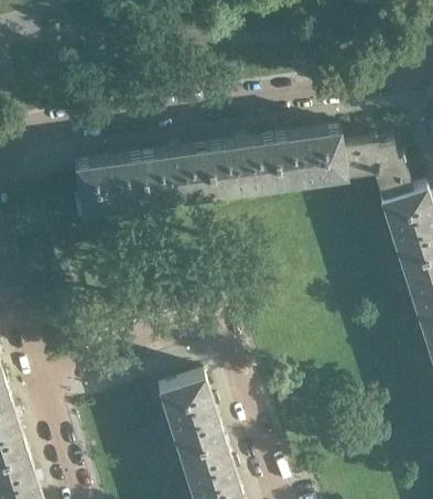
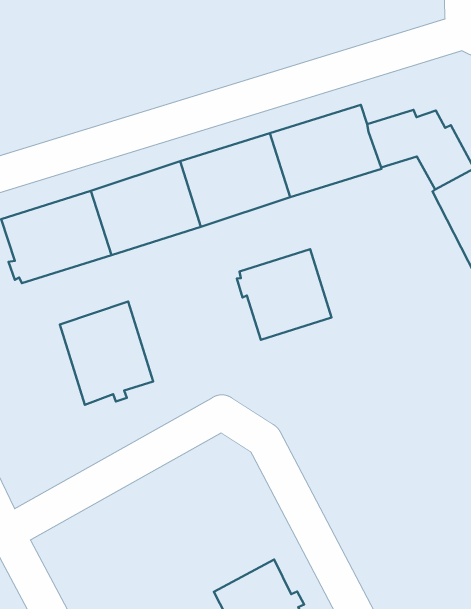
building: none -> [237,249,332,340]
building: none -> [60,301,153,405]
building: [156,371,224,451] -> none

